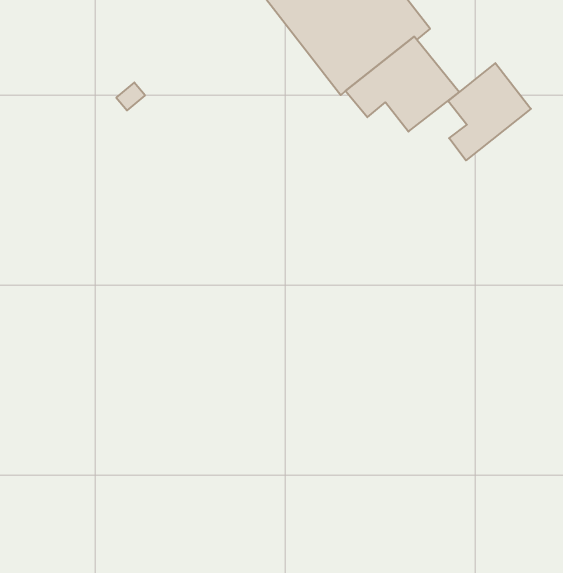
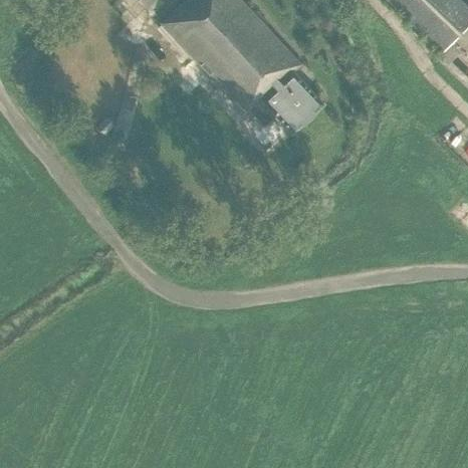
building: [448,63,531,160] -> none

